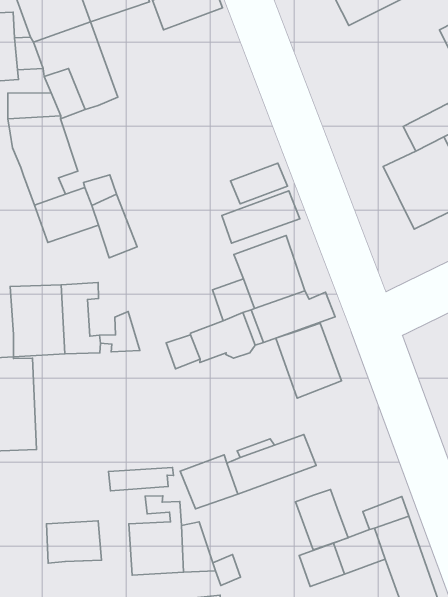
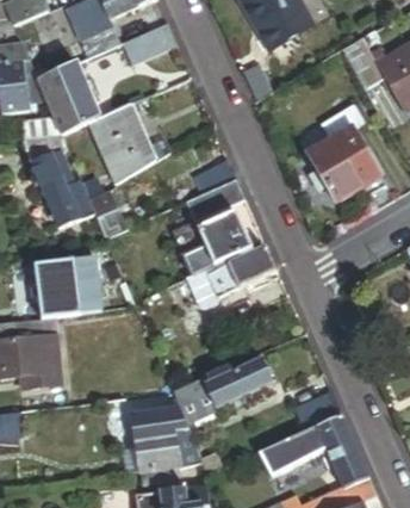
building: none -> [91,103,156,181]
building: [276,323,342,398] -> none
building: [296,490,348,550] -> none
building: [46,521,101,563] -> none

